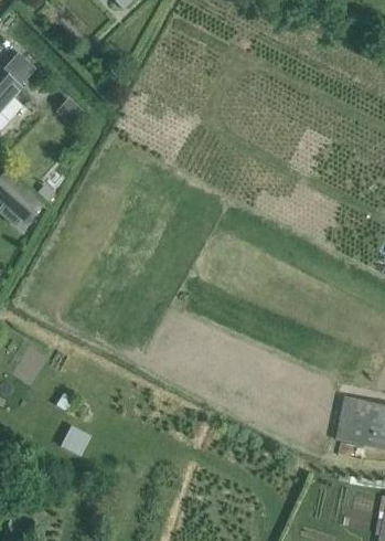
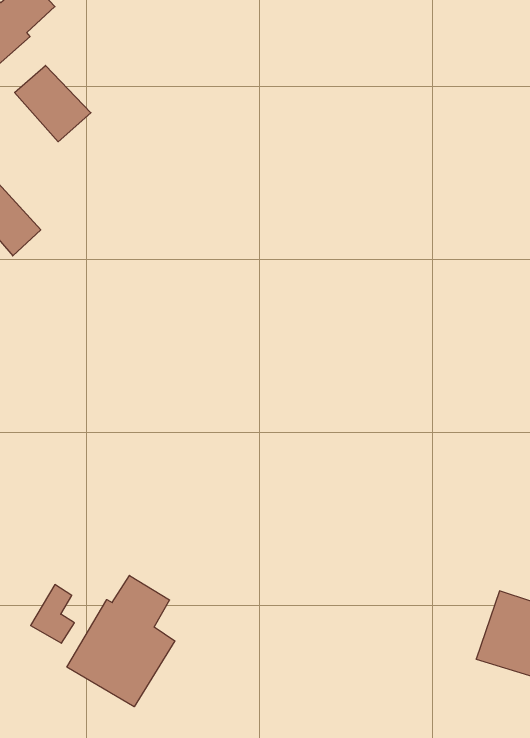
building: none -> [15,65,91,142]
building: none -> [67,575,175,707]

